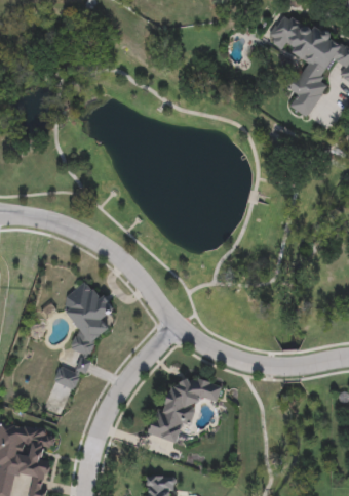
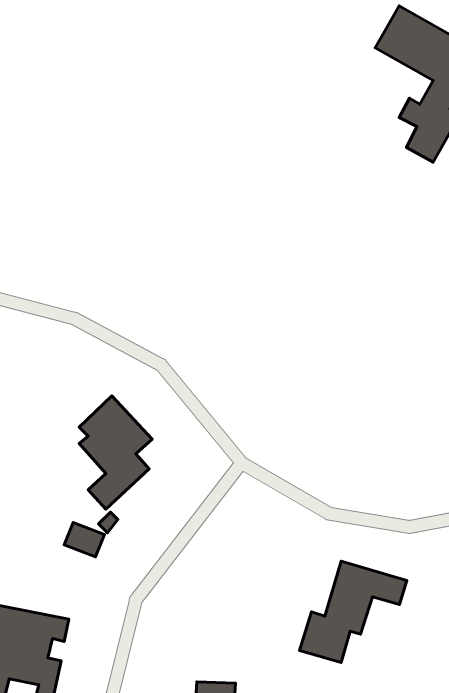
building: [147,375,221,445] -> [300,561,407,662]

